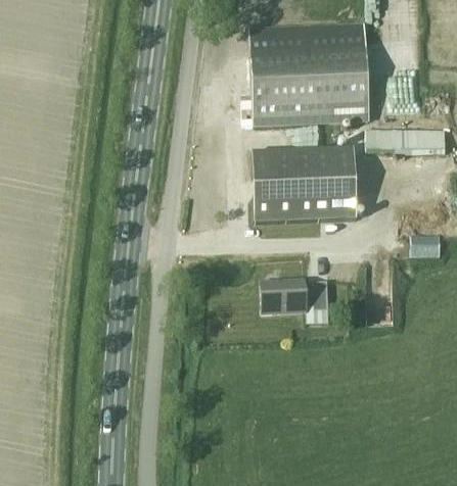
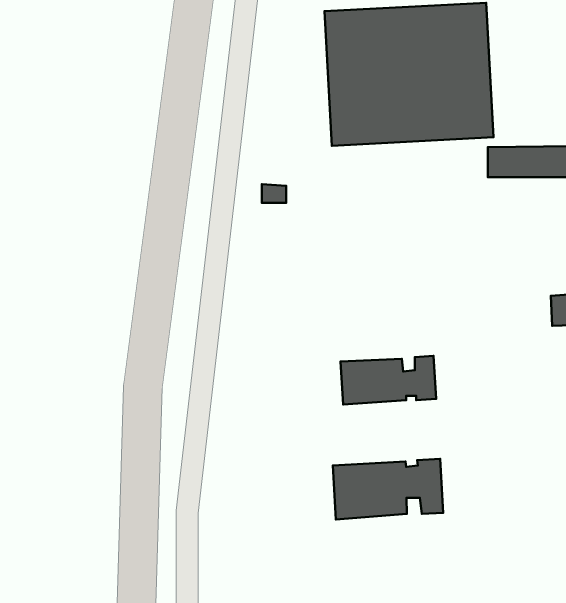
building: [252,148,357,222] -> none
building: none -> [333,459,443,519]

